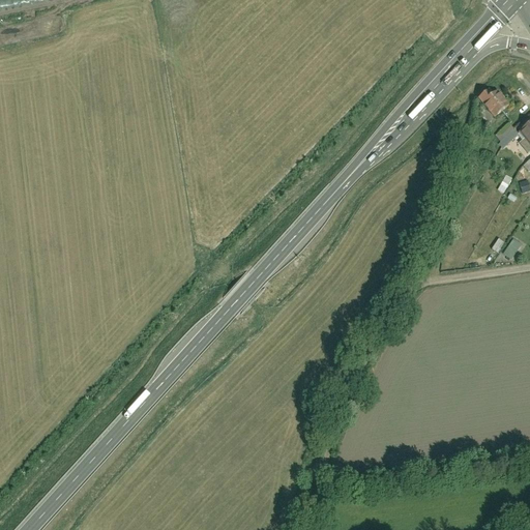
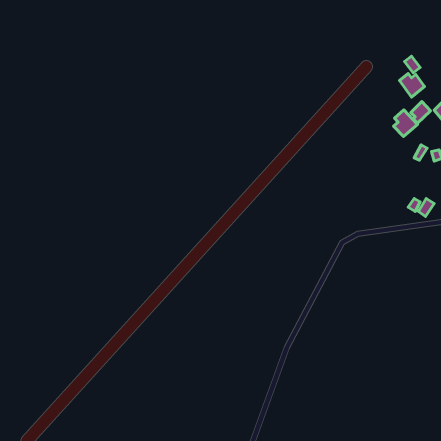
building: none -> [393,110,417,137]

